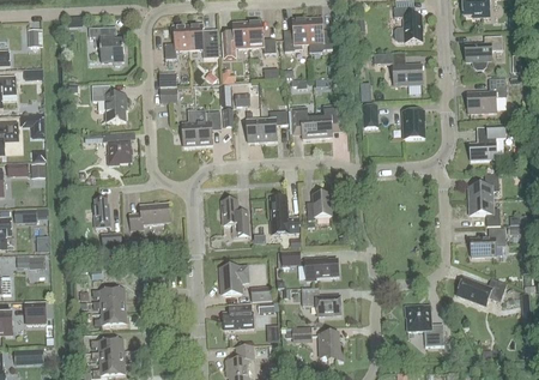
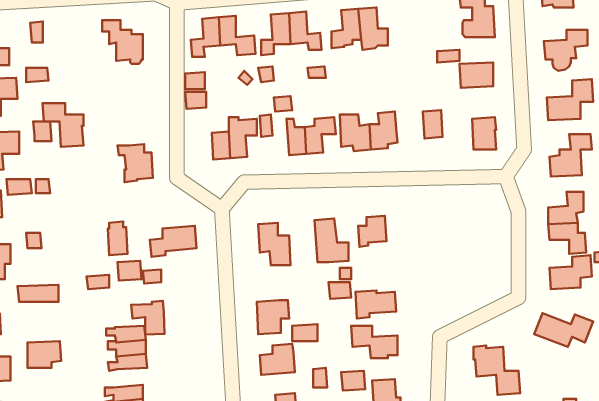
building: [91,85,126,122] -> [43,103,83,147]
building: none -> [131,301,164,334]

